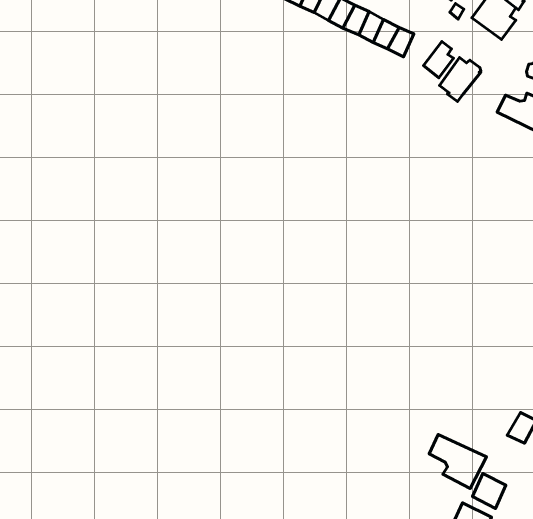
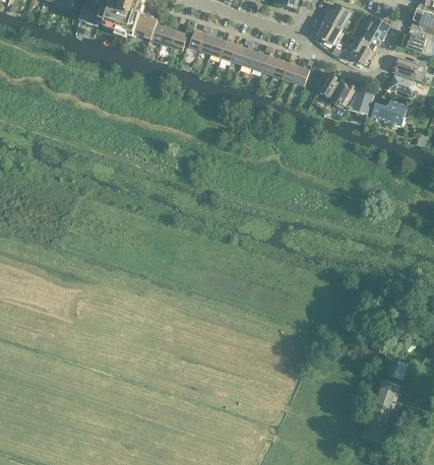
building: none -> [346,89,372,119]
building: [429,434,486,488] -> none

